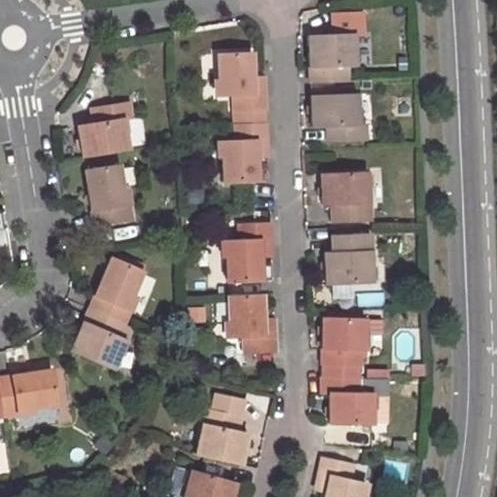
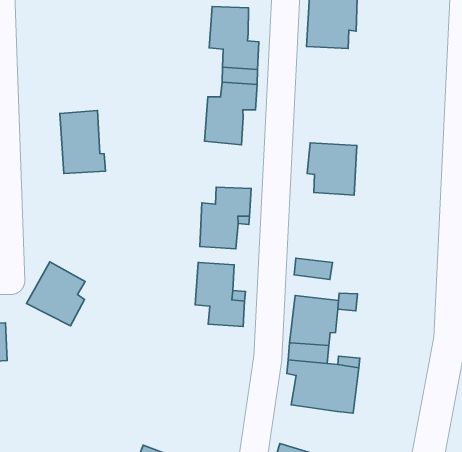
building: [311,94,366,140] -> none
building: [79,102,133,156] -> none
building: [326,233,372,281] -> none
building: [90,257,144,324] -> none
building: [198,395,249,465] -> none

